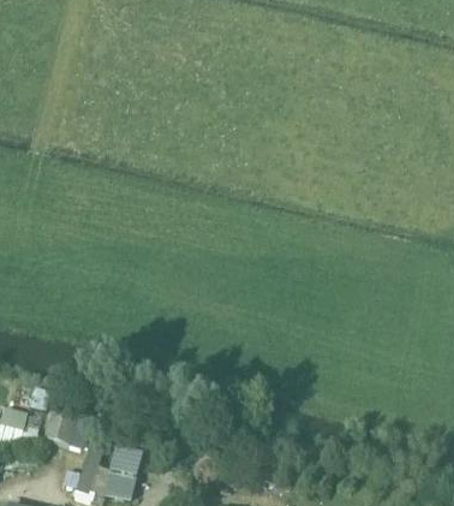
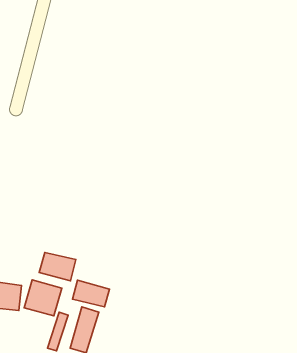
building: none -> [39,252,76,281]
building: none -> [73,280,110,307]

